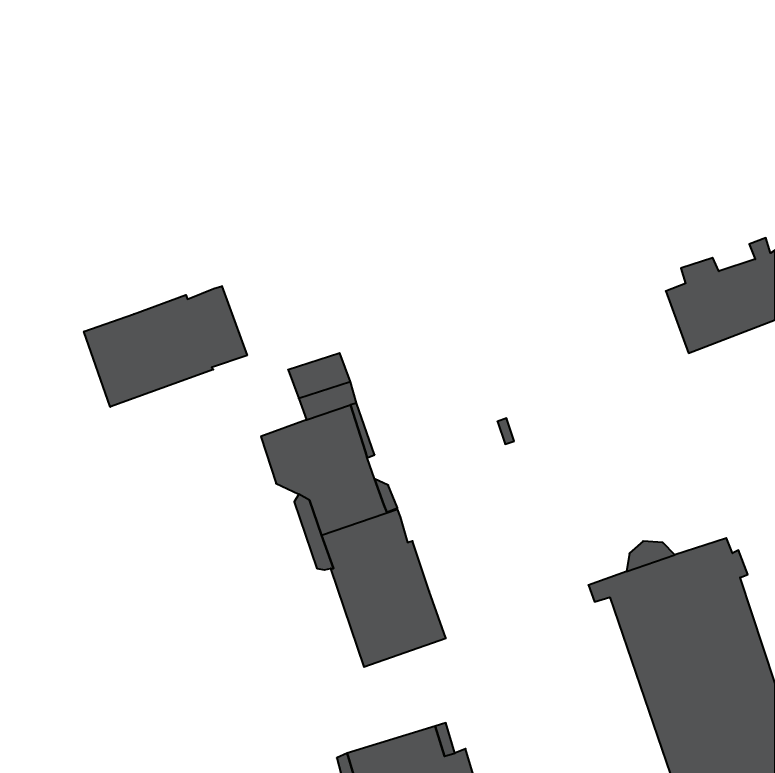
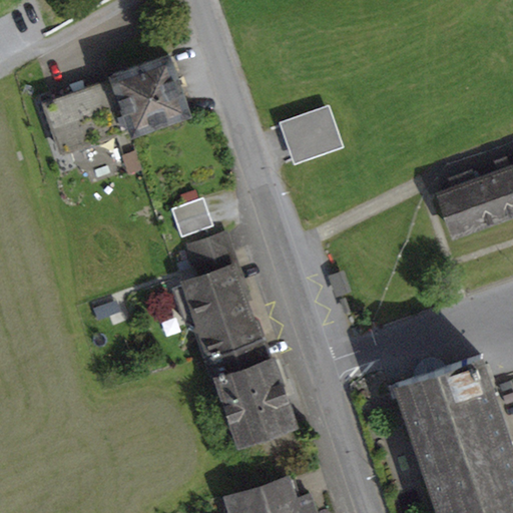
building: none -> [46,56,188,151]
building: none -> [284,109,340,160]
building: [84,286,247,407] -> none
building: none -> [171,199,209,237]

